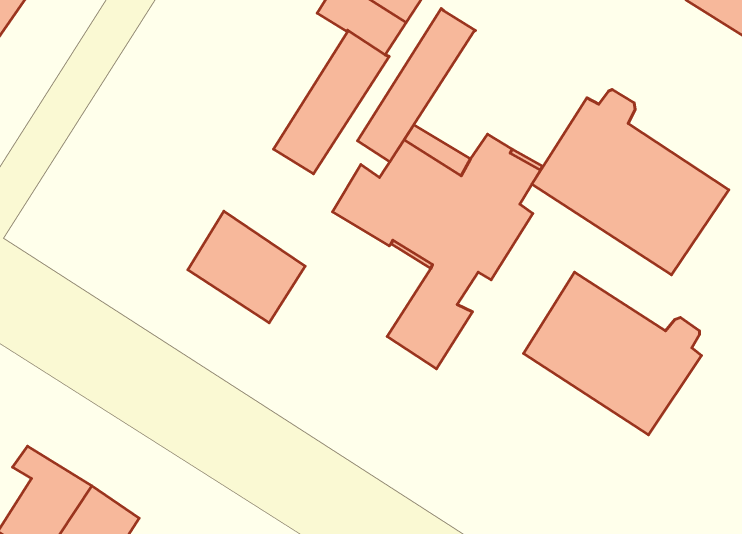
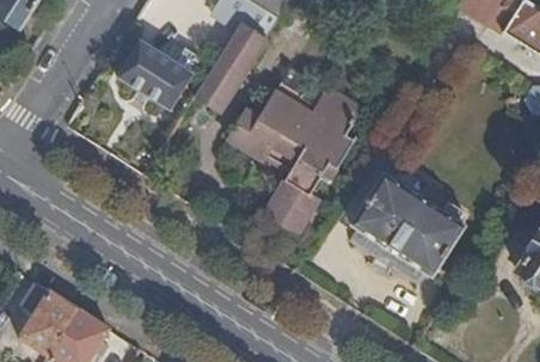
building: [358,9,476,162] -> none
building: [532,90,729,275] -> none
building: [188,211,305,323] -> [117,41,191,111]

